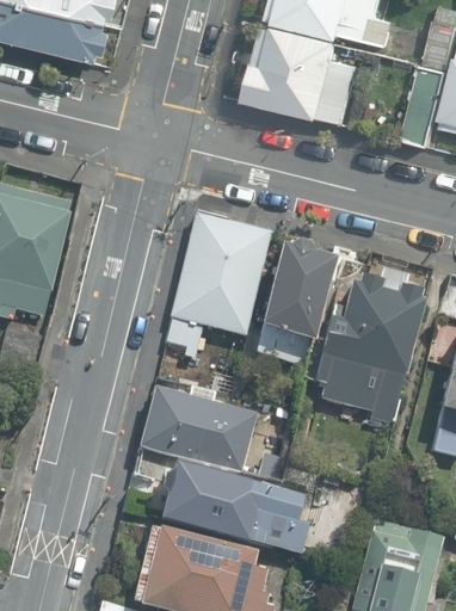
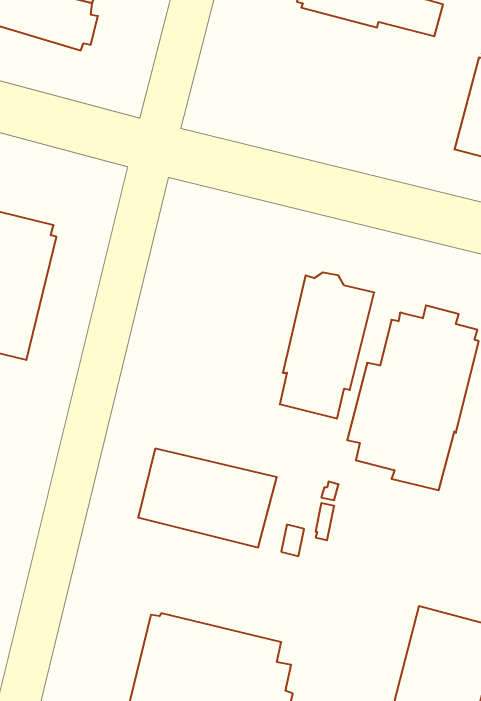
building: [245,21,357,122] -> none
building: [167,212,271,348] -> none
building: [159,463,308,553] -> none

